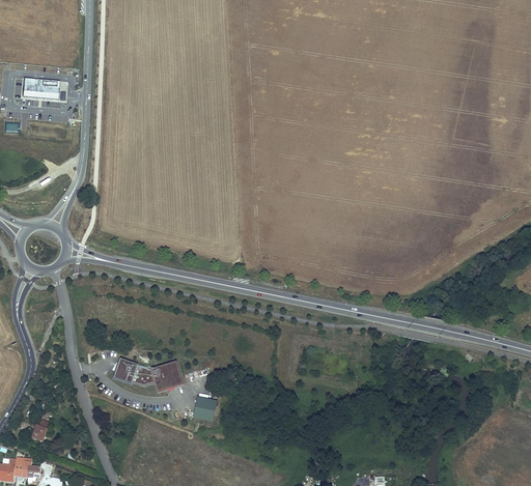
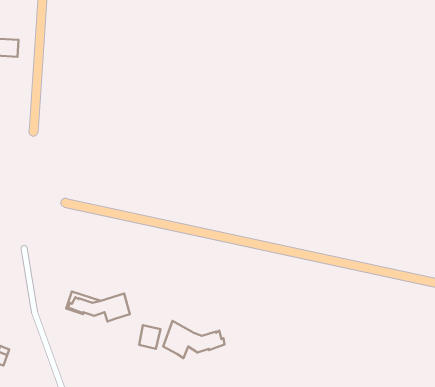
building: none -> [163,321,224,358]

